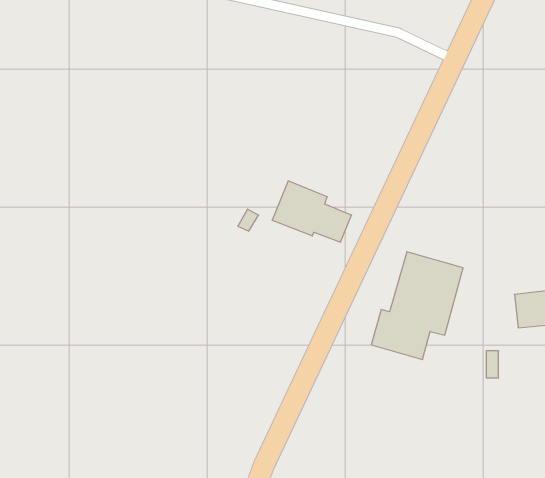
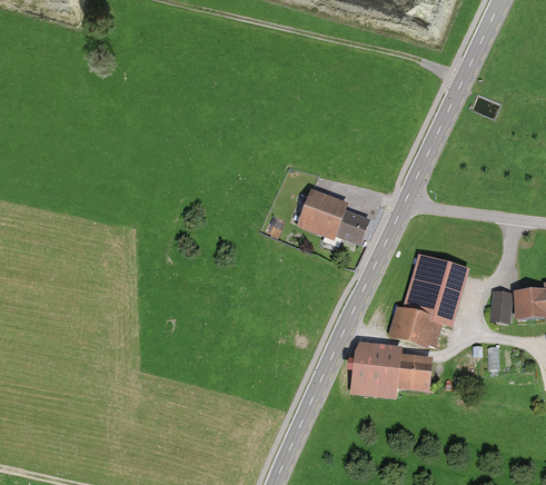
building: none -> [492,290,512,321]
building: none -> [348,343,431,399]

